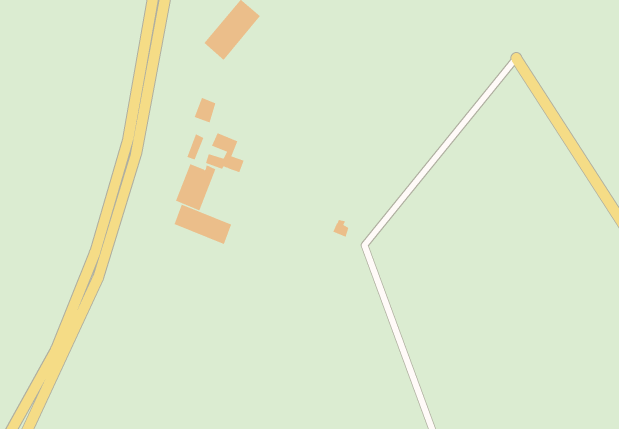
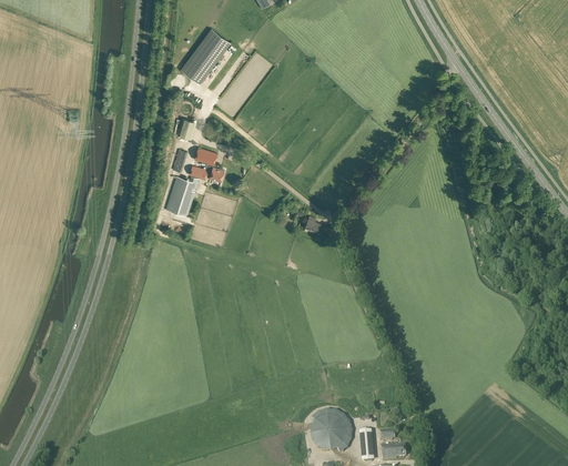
building: [174,204,232,245] -> none

